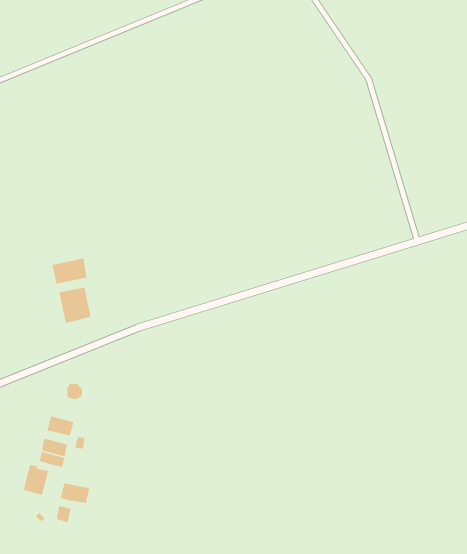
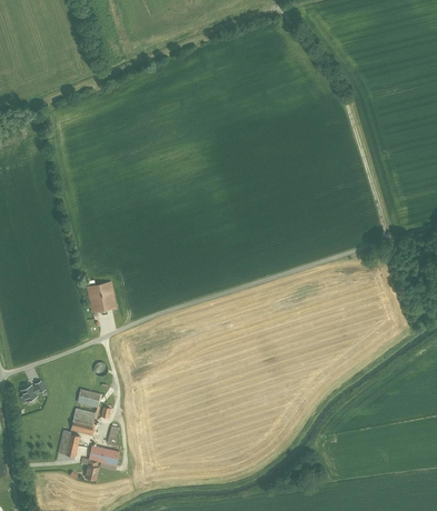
building: [51,258,87,284] -> none

